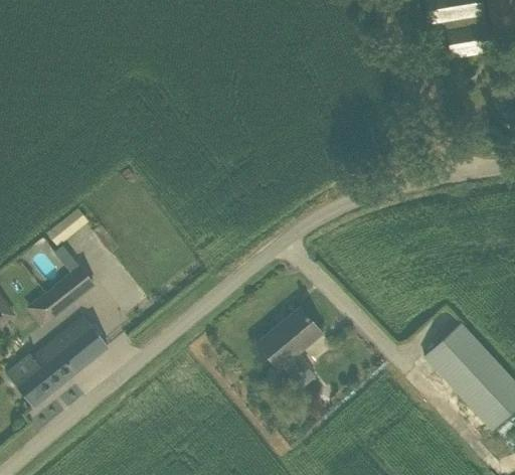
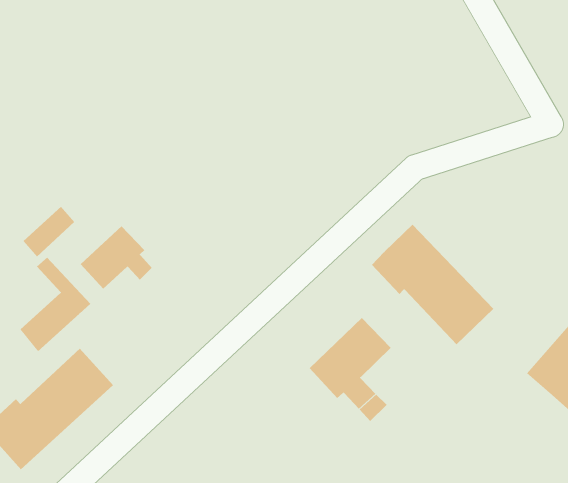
building: none -> [80,226,153,290]
building: none -> [371,224,494,345]

